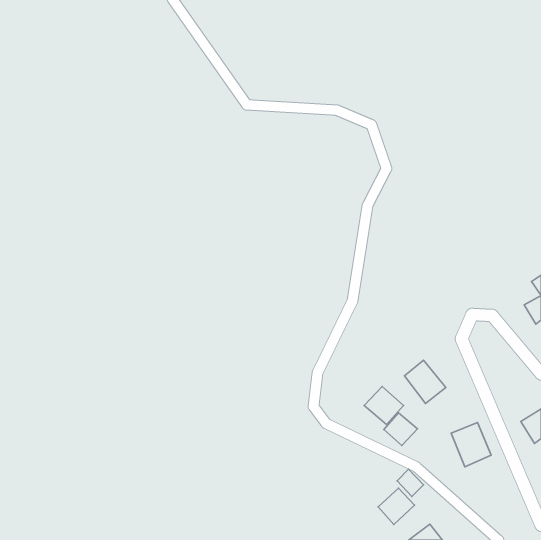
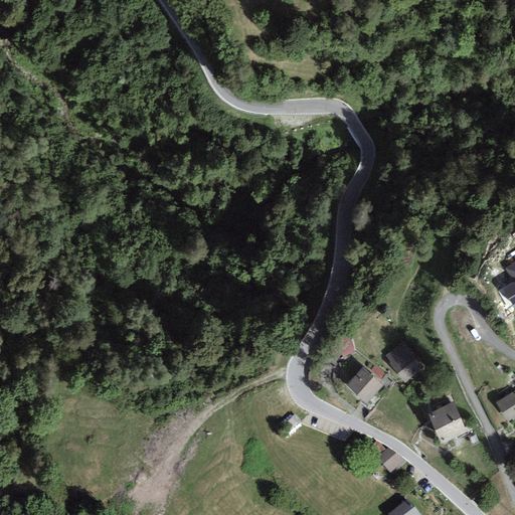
building: [384,413,417,446] -> none
building: [378,488,415,525] -> none

